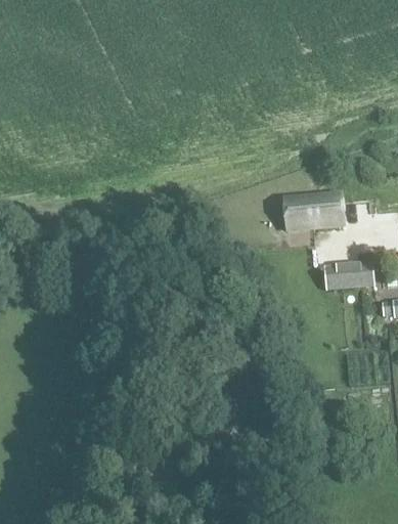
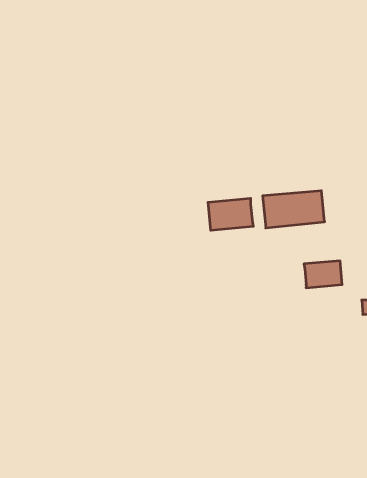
building: none -> [208,198,253,230]

